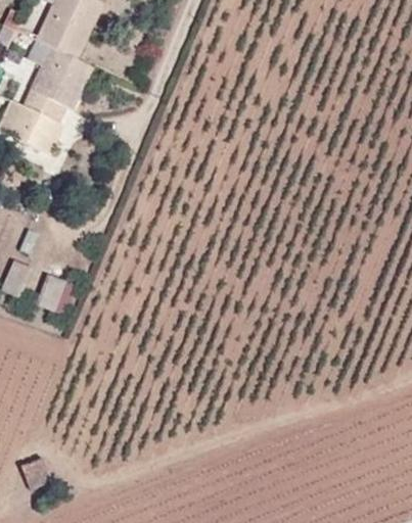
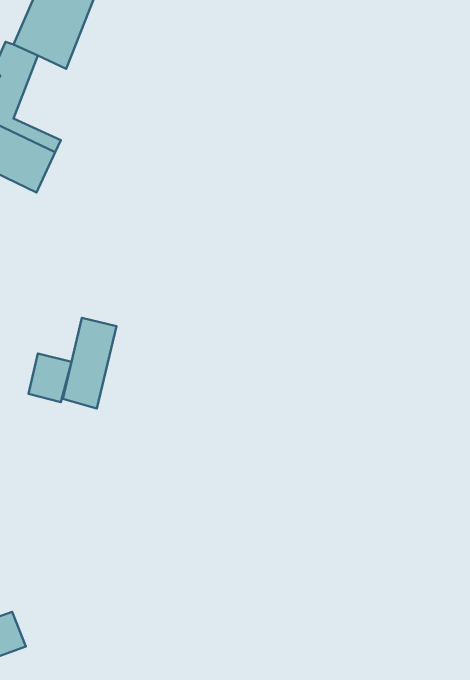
building: [37,47,93,112] -> none
building: none -> [63,318,116,409]

